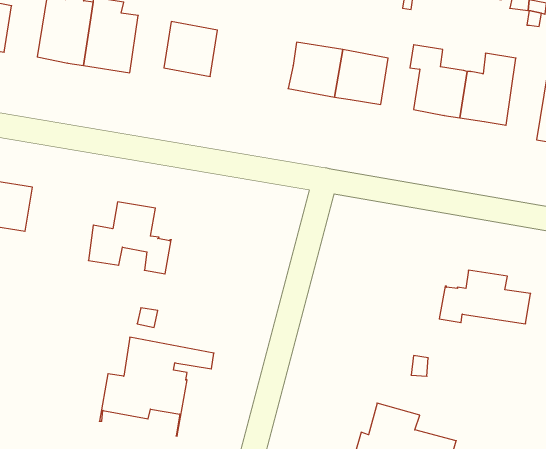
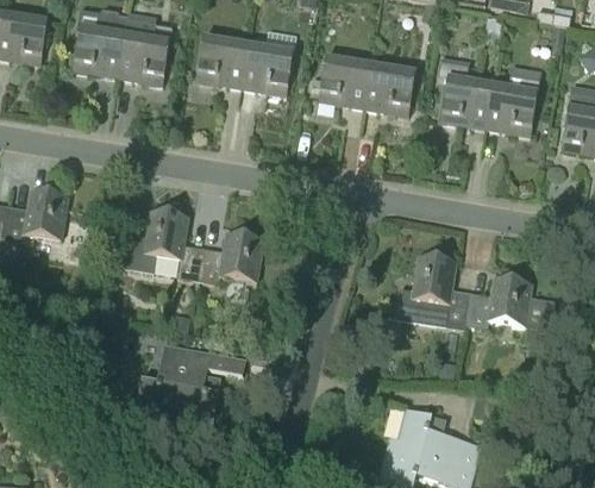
building: none -> [242,43,294,95]
building: none -> [198,233,263,284]
building: none -> [387,256,471,330]

